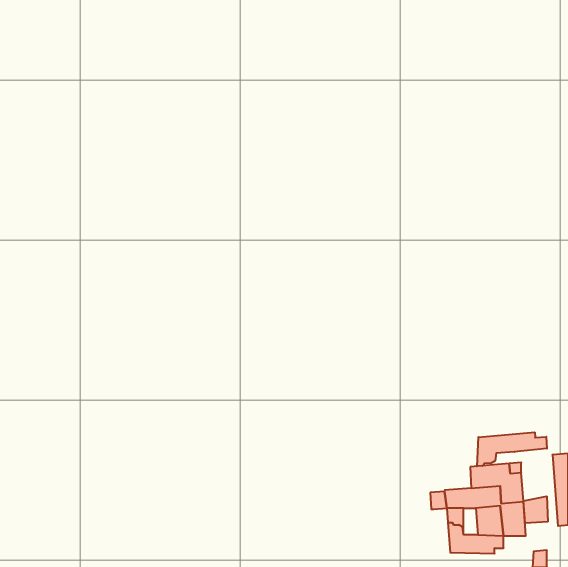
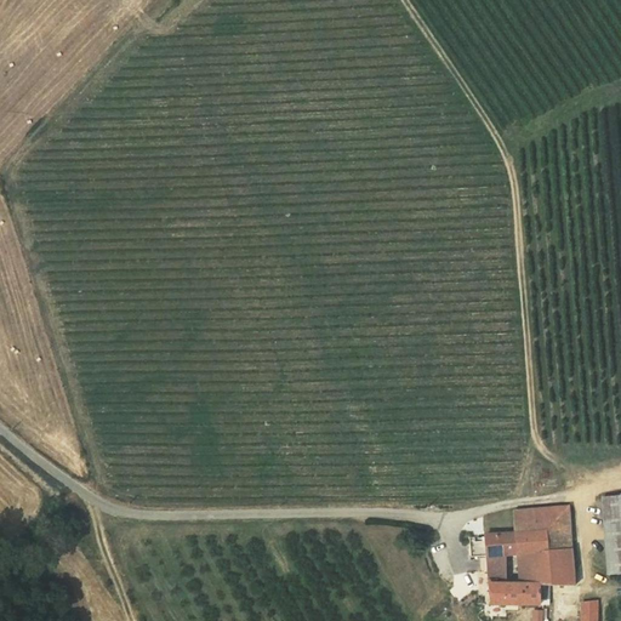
building: [477,432,547,466] -> none
building: [523,496,548,523] -> none

